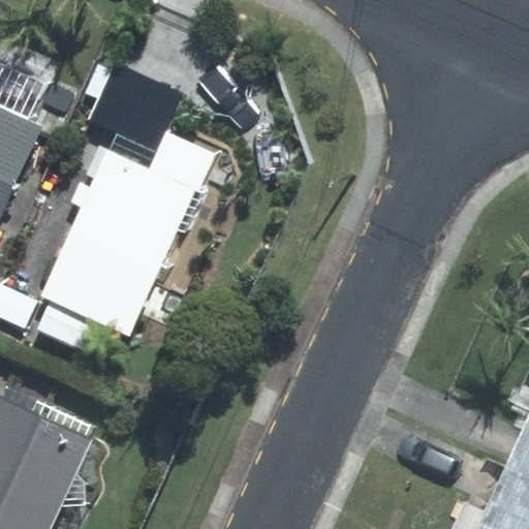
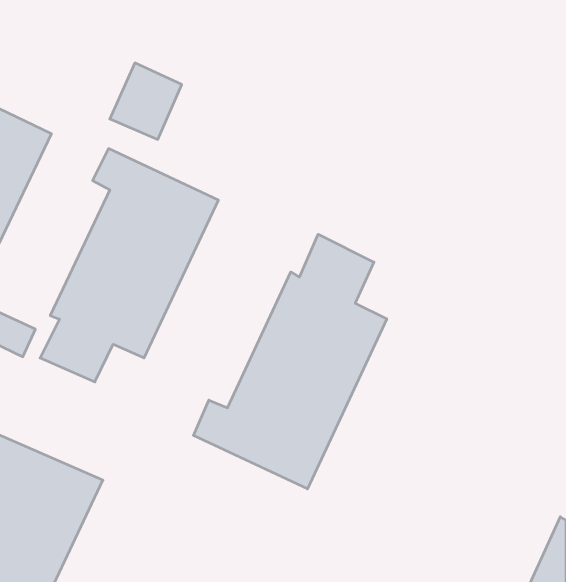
building: none -> [193,234,387,489]

